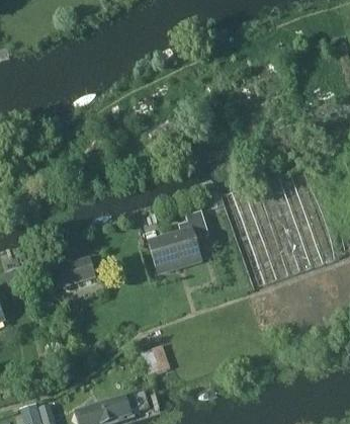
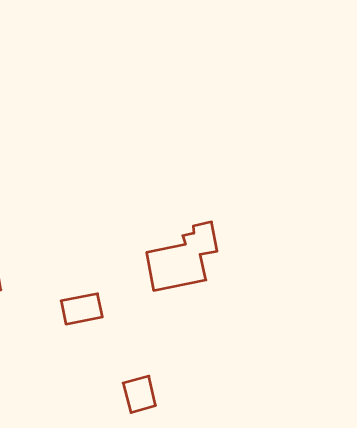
building: [59,256,95,284] -> [61,294,102,324]

